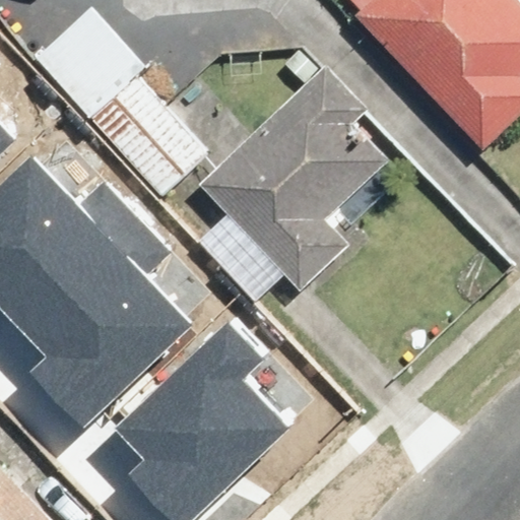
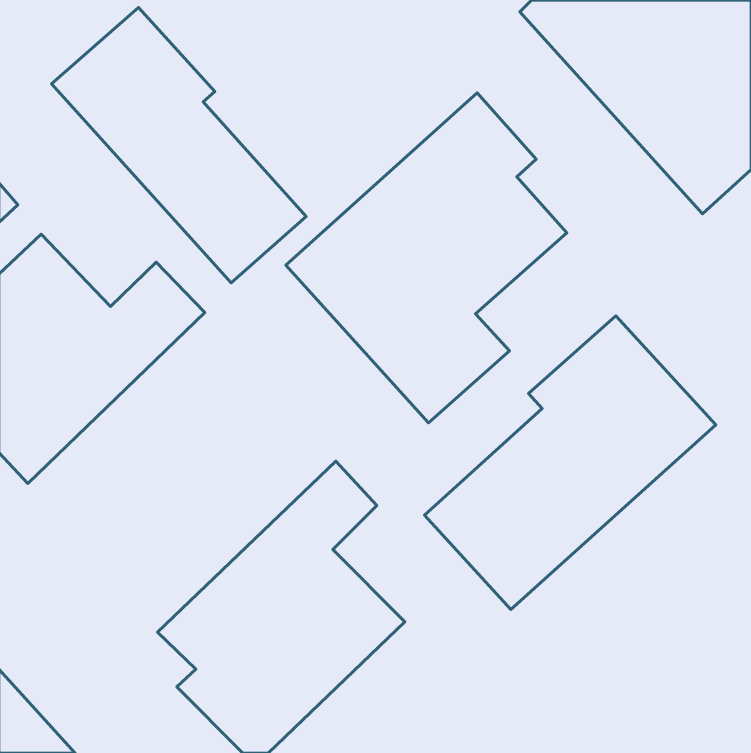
building: [19,215,189,426] -> none
building: none -> [424,316,716,609]

